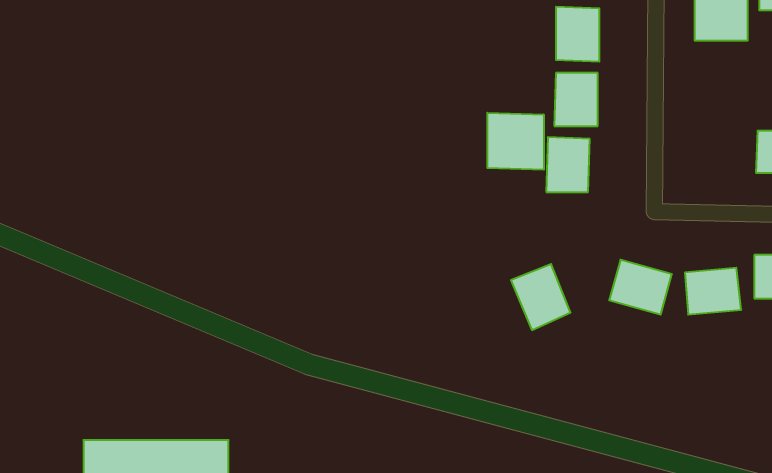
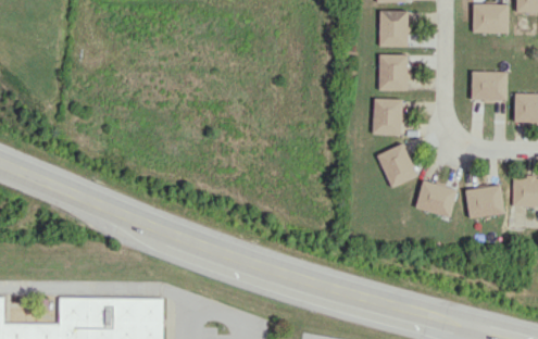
building: none -> [471,71,508,100]
building: [487,113,544,170] -> none
building: [511,264,571,330] -> [377,143,417,188]

